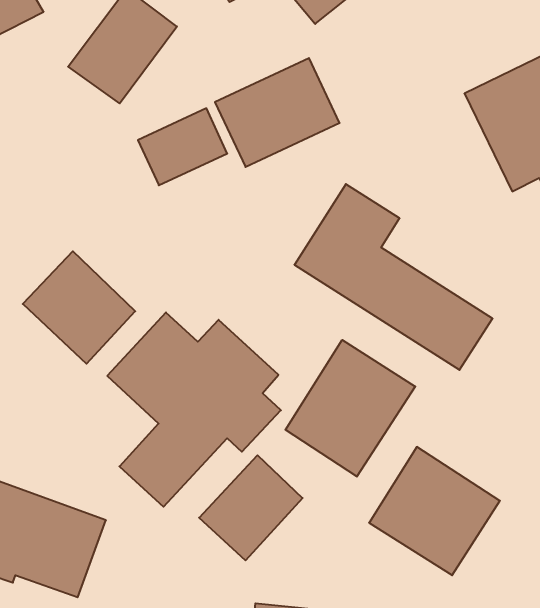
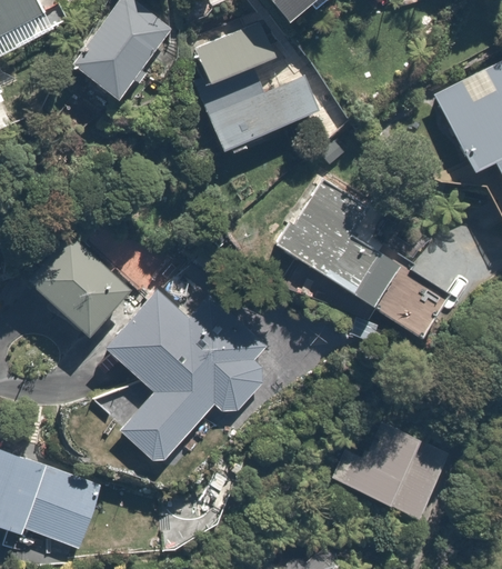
building: [138,108,227,185] -> [193,20,274,90]
building: [285,340,415,477] -> none
building: [199,455,303,560] -> none

